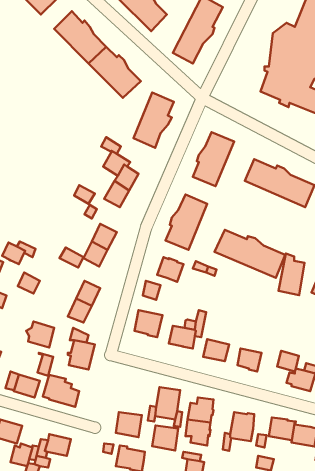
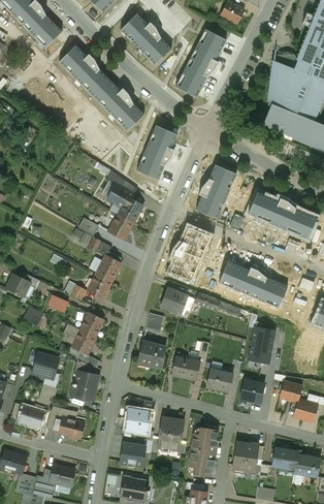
building: [278,253,304,295] -> [249,321,274,363]
building: [152,425,178,450] -> [125,408,151,433]

